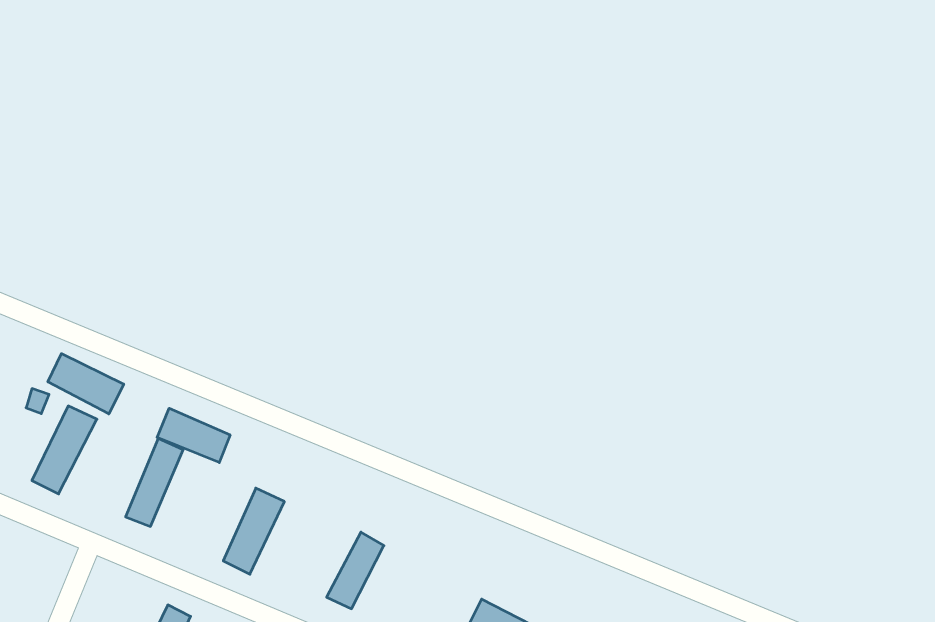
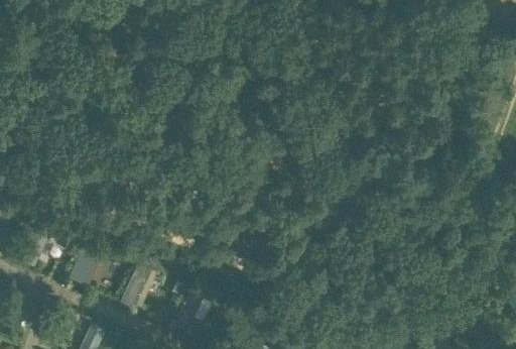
building: [48,354,124,414] -> none
building: [157,408,230,463] -> none

